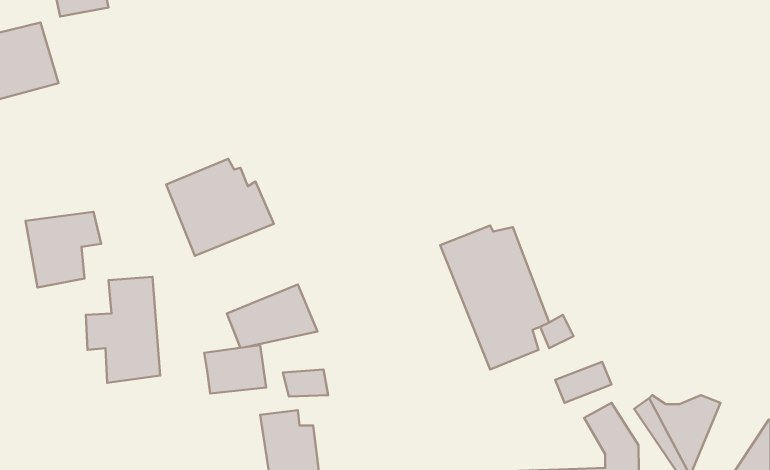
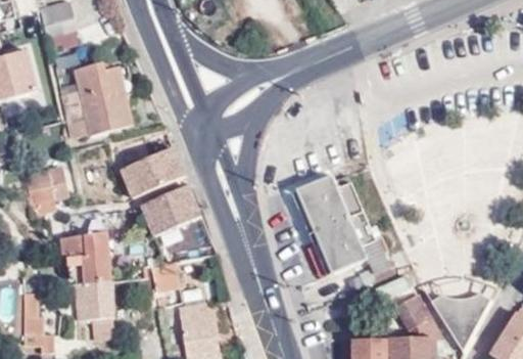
building: none -> [62,64,130,139]
building: none -> [141,186,202,237]
building: none -> [69,279,115,321]
building: none -> [20,296,44,334]

